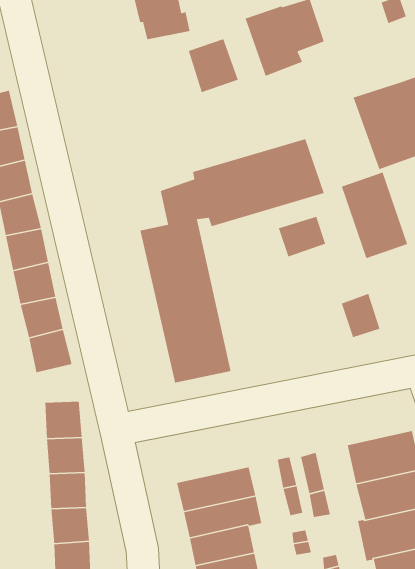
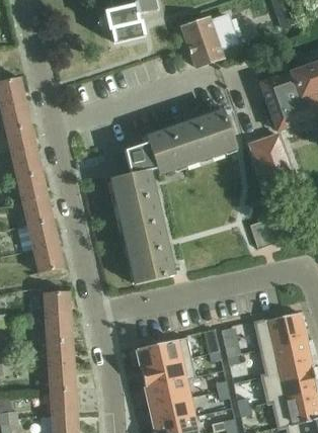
building: [188,38,239,93] -> none
building: [278,216,326,257] -> none

